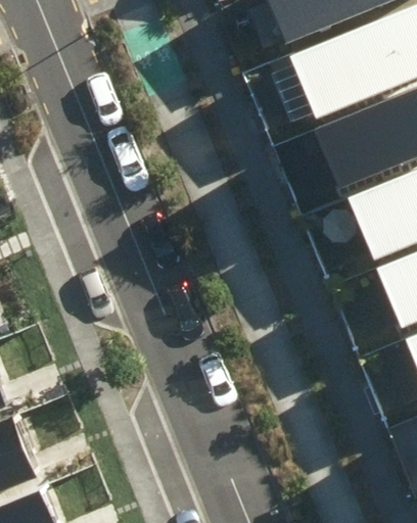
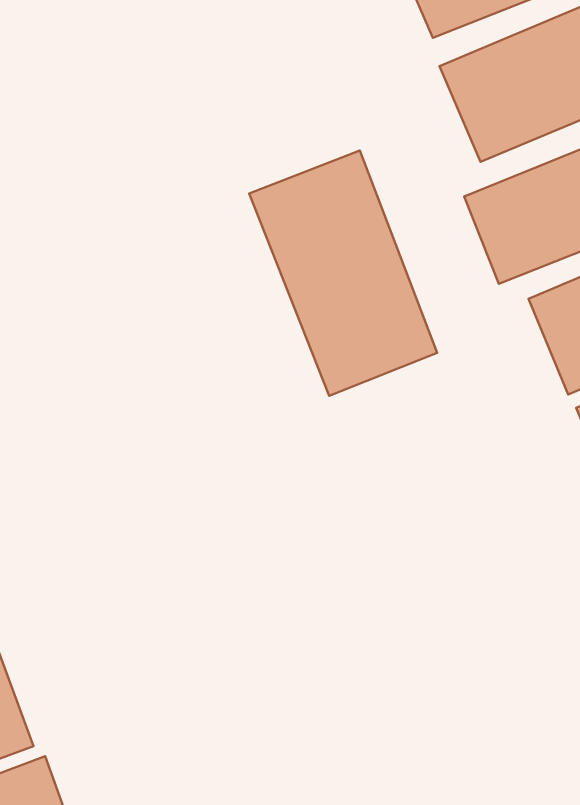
building: none -> [249,150,437,396]

